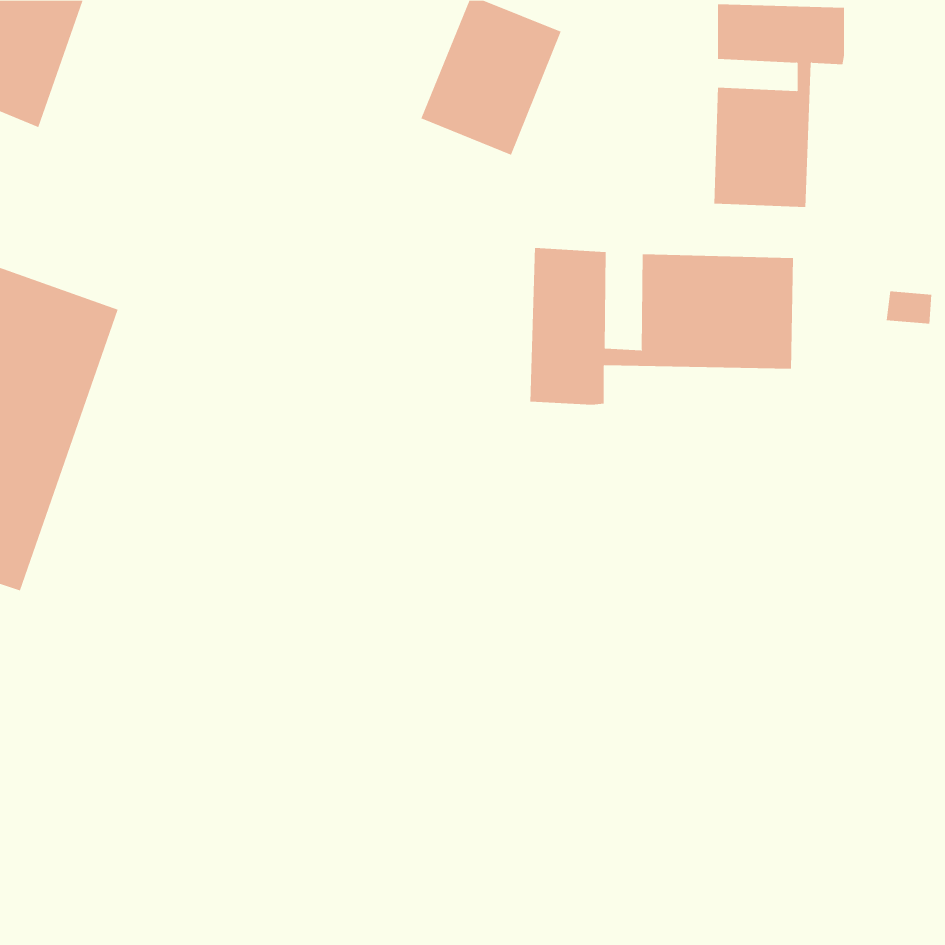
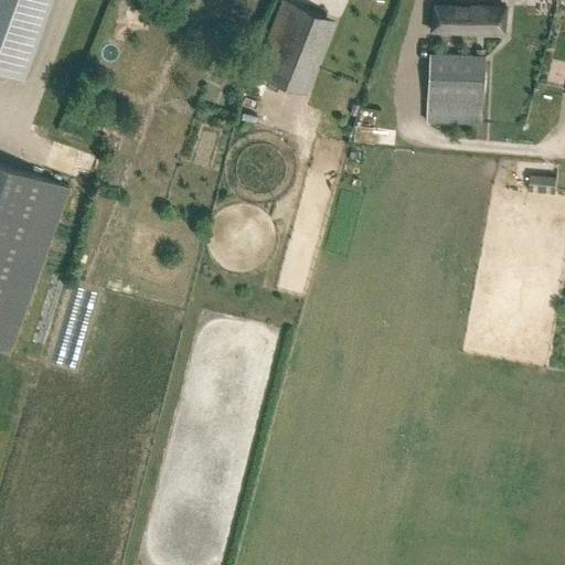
building: [530,247,793,406] -> none

